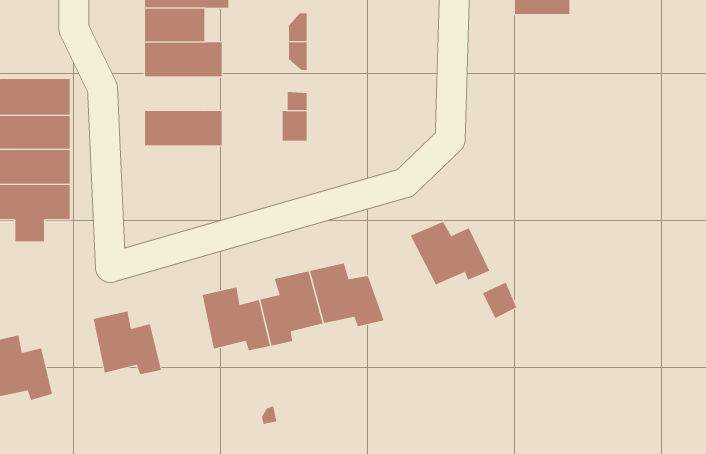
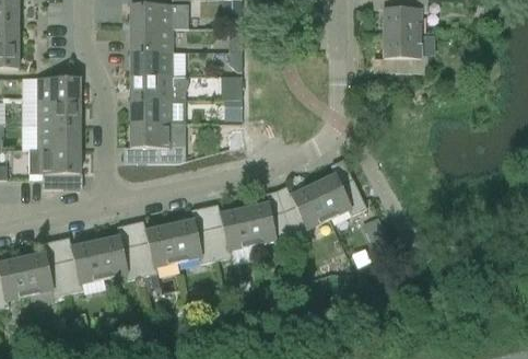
building: none -> [383,32,427,71]
building: none -> [130,74,187,97]
building: none -> [130,121,185,161]
building: none -> [283,183,329,241]
building: none -> [134,223,177,275]
building: none -> [60,240,103,291]

